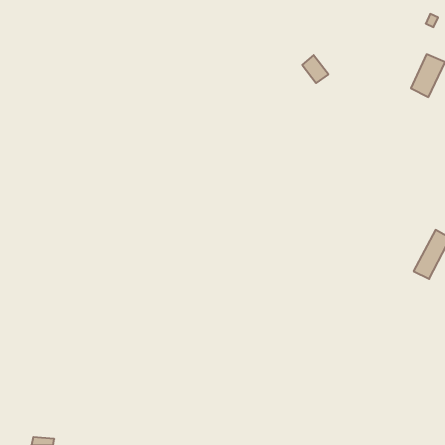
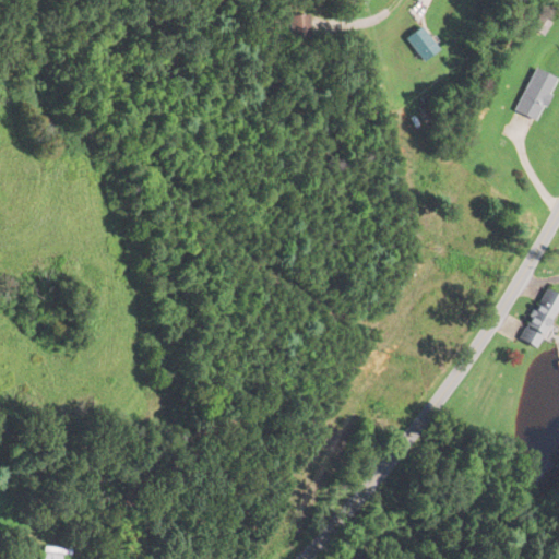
building: none -> [292,12,310,37]
building: [302,55,328,83] -> [407,25,440,60]

